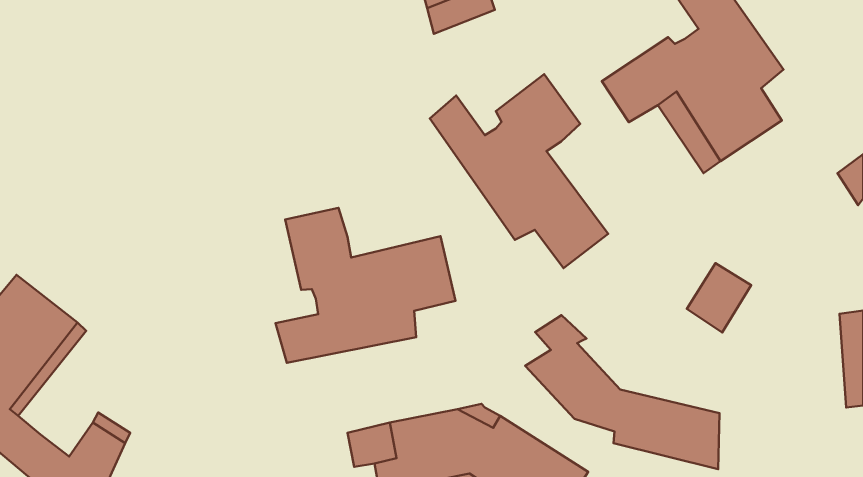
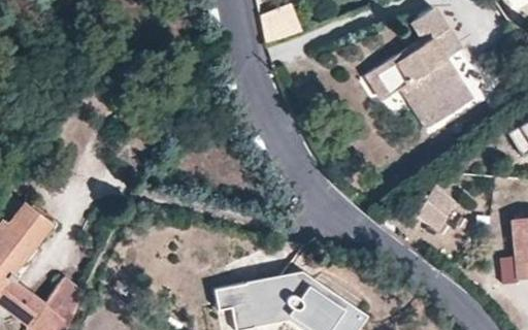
building: [430,74,608,268] -> none
building: [276,208,455,363] -> none
building: [525,315,720,469] -> none

